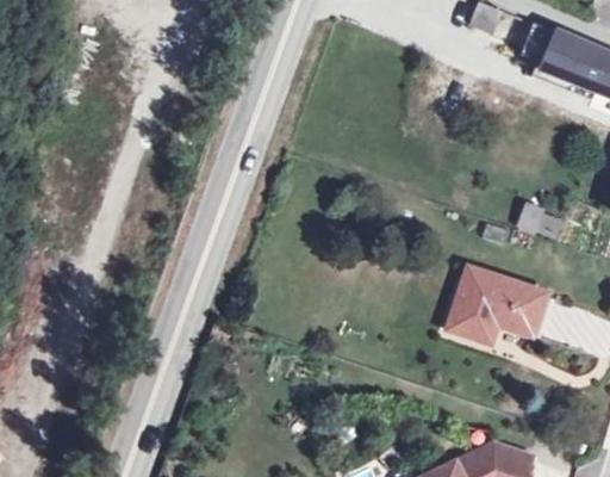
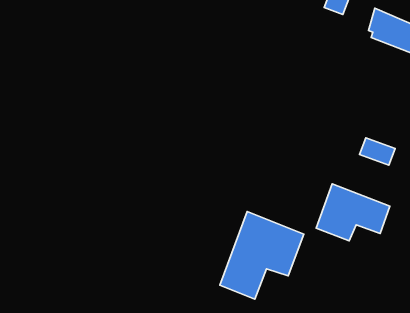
building: none -> [220,212,304,299]

